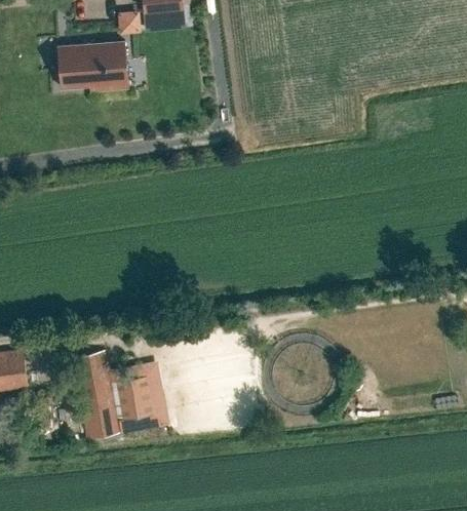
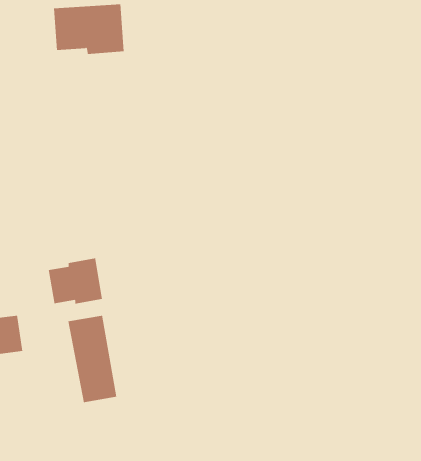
building: none -> [48,258,103,304]
building: [117,375,155,418] -> none

